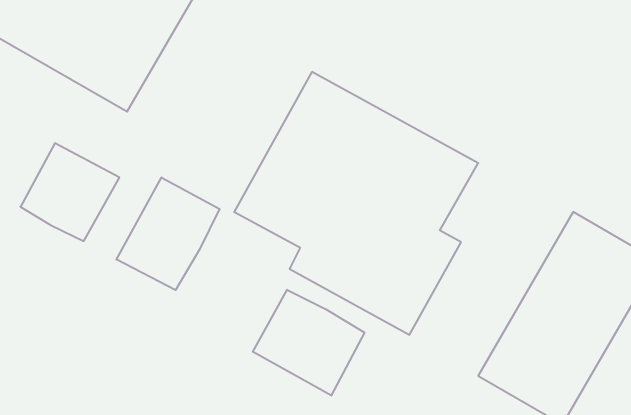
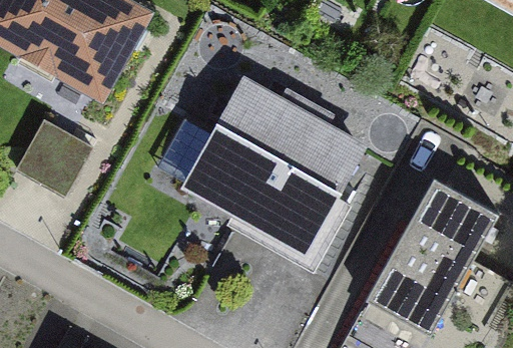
building: [116,177,220,290] -> none
building: [253,290,364,396] -> none

